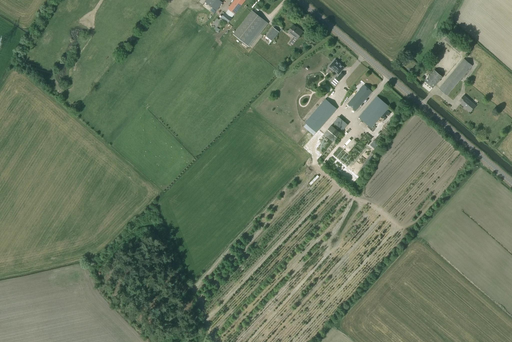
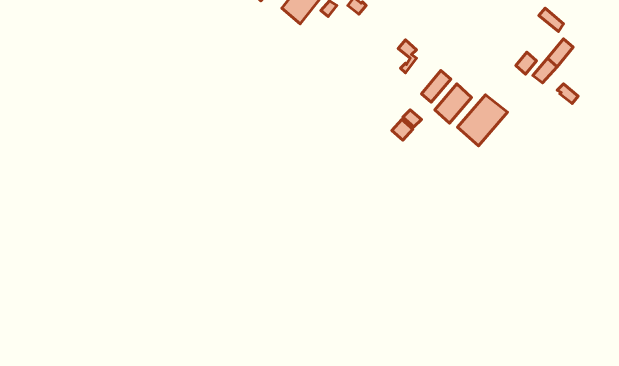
building: [304,99,335,133] -> none
building: none -> [458,95,507,146]

